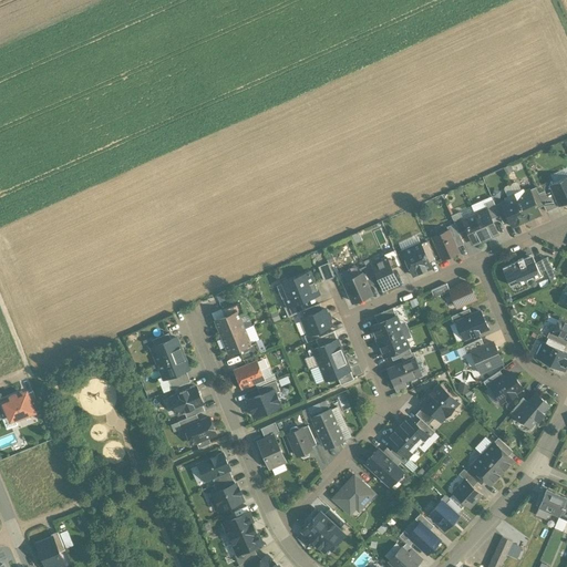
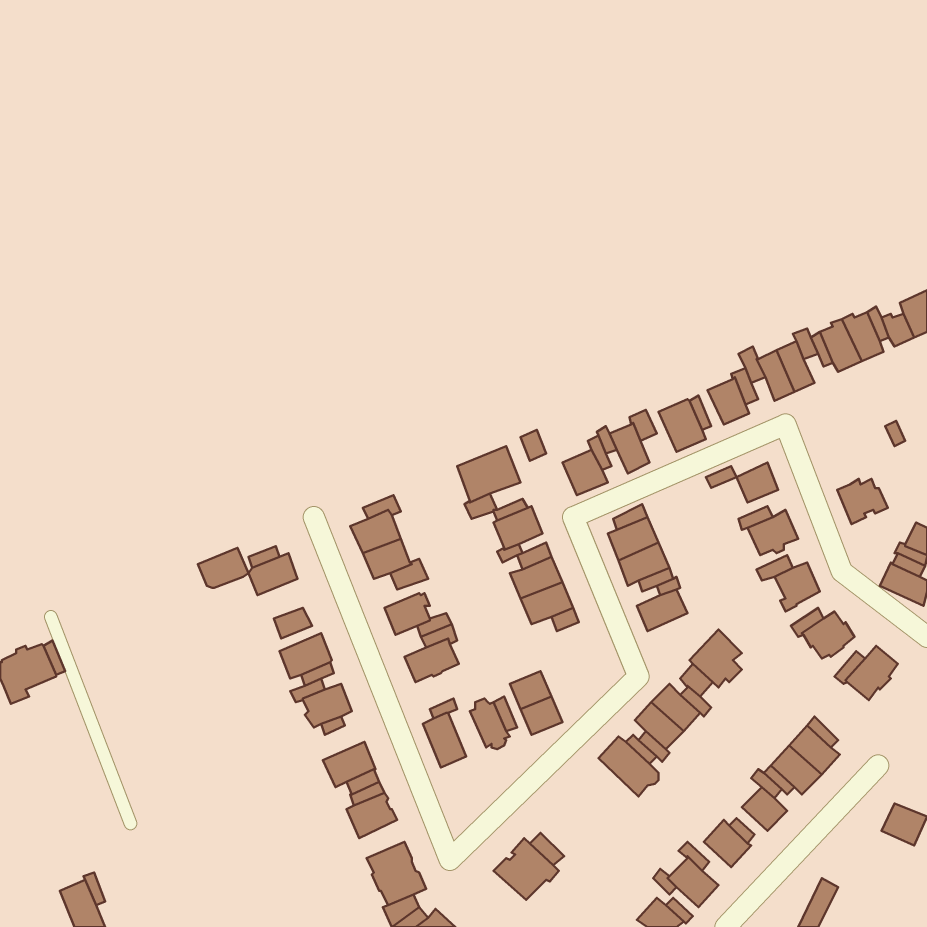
building: [509,258,540,286] -> [837,479,888,524]
building: [157,353,188,378] -> [198,548,249,588]
building: [332,475,374,514] -> none

